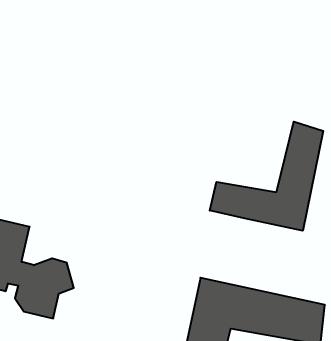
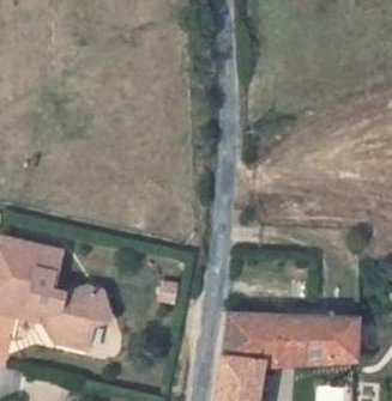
building: [210,122,323,231] -> none

